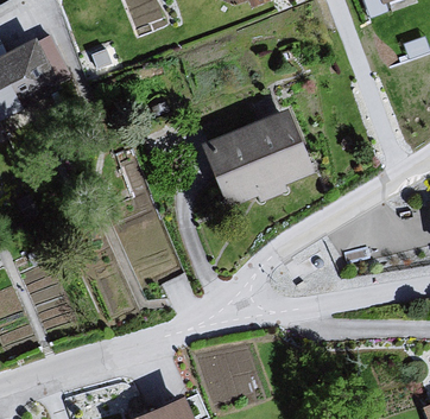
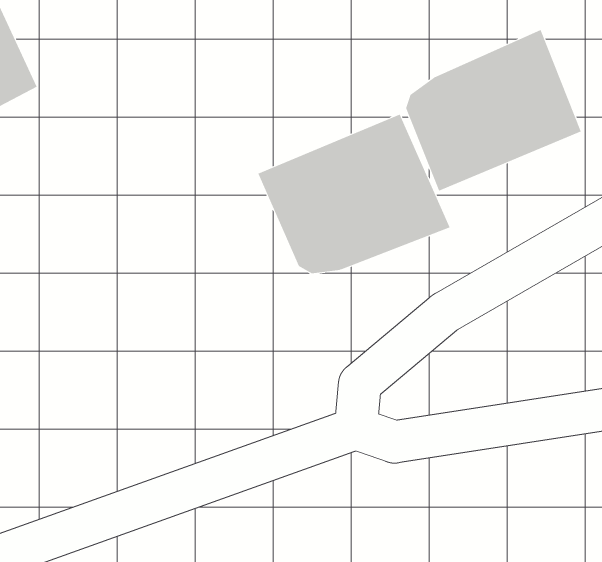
building: none -> [406,29,581,192]

